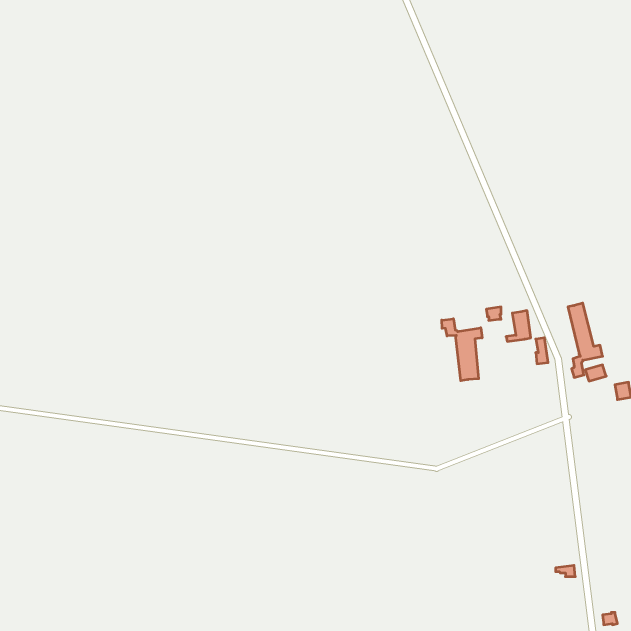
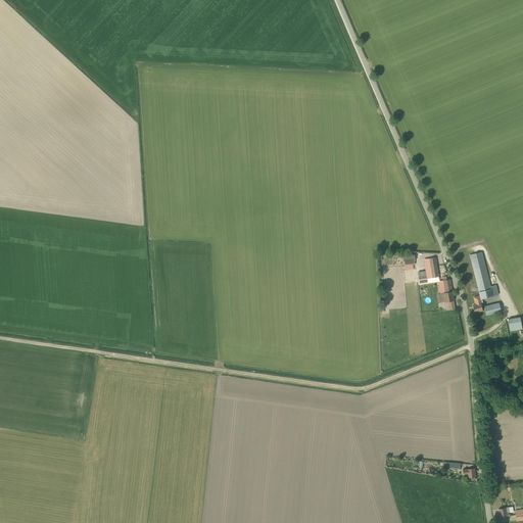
building: [442,319,482,381] -> none

